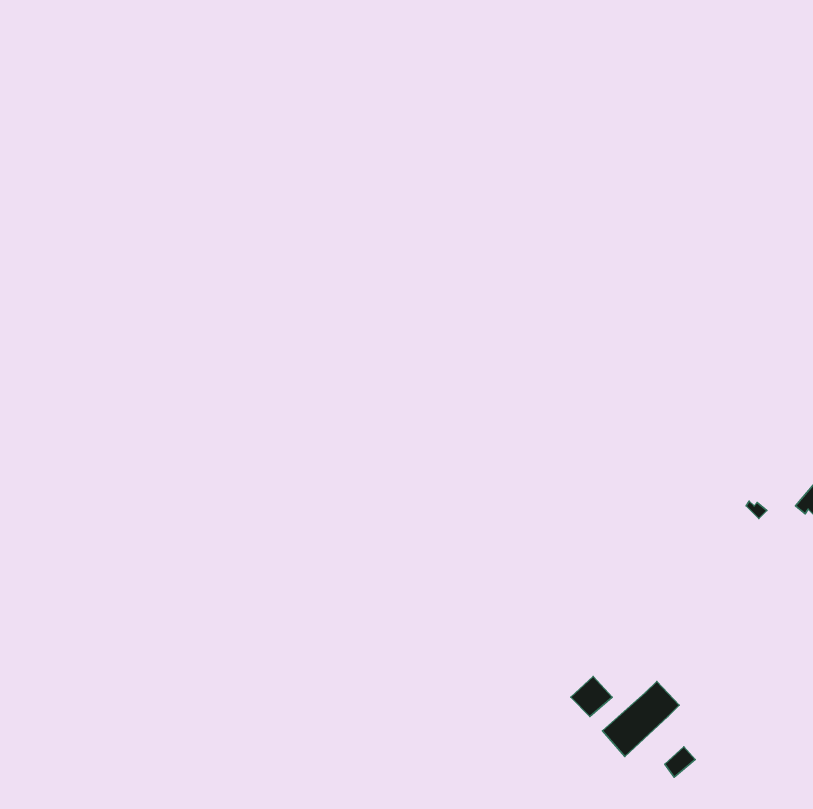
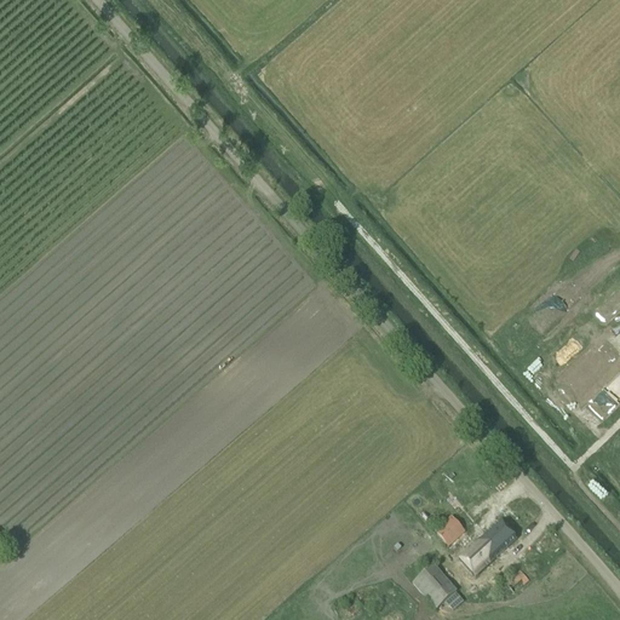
building: none -> [414,562,458,607]

